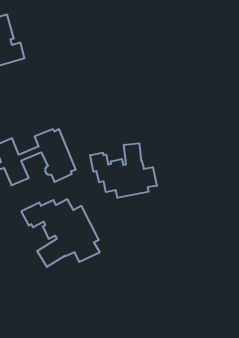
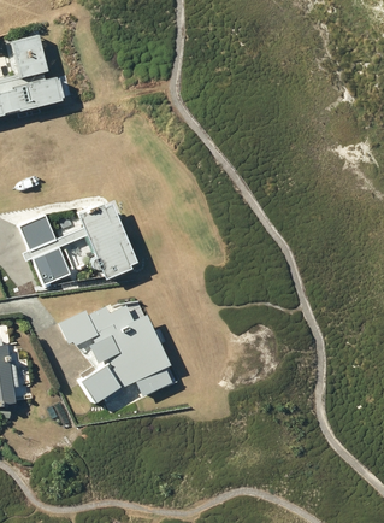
building: [90,143,157,198] -> none

